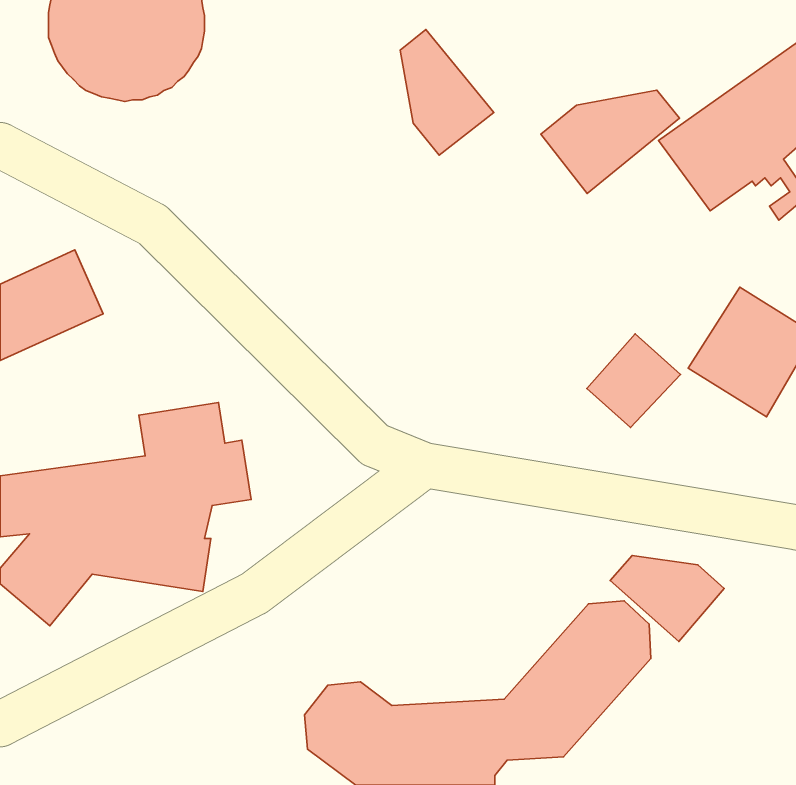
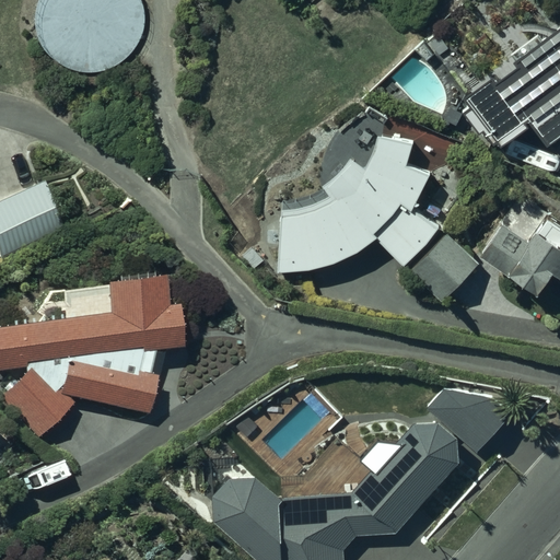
building: [400,29,494,155] -> none
building: [541,90,679,193] -> none
building: none -> [280,135,439,270]

